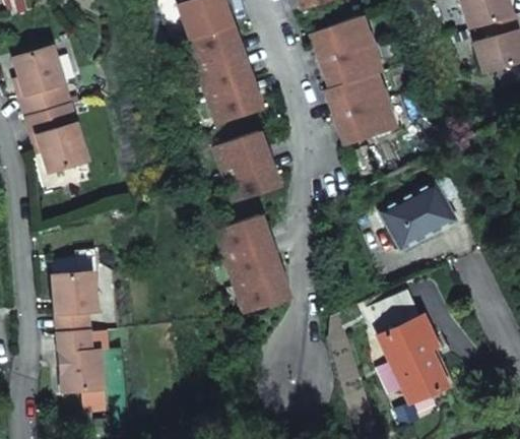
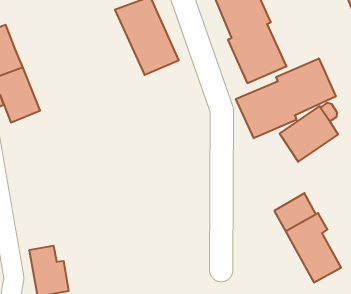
building: none -> [236,58,336,138]
building: [215,132,280,203] -> none
building: [217,215,291,314] -> none
building: [52,250,96,333] -> none

